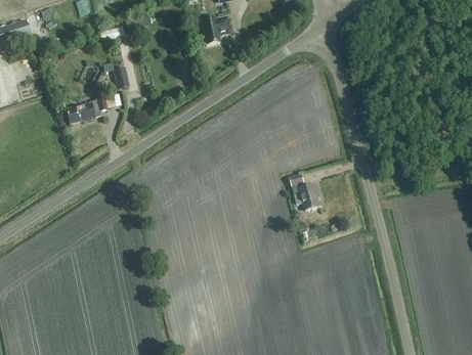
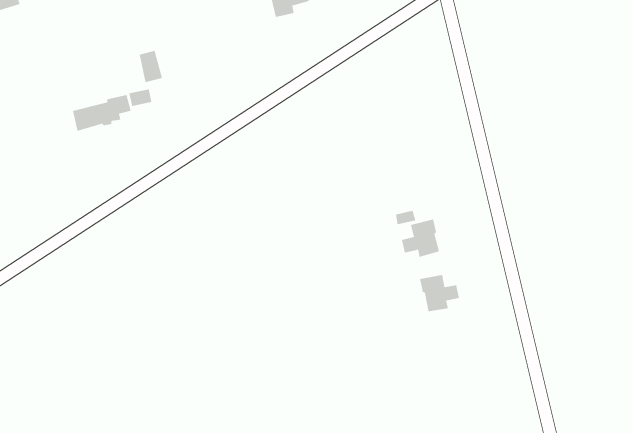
building: none -> [419,274,460,312]

